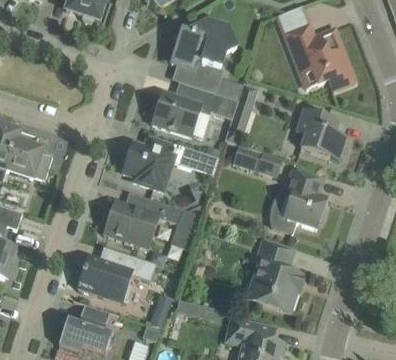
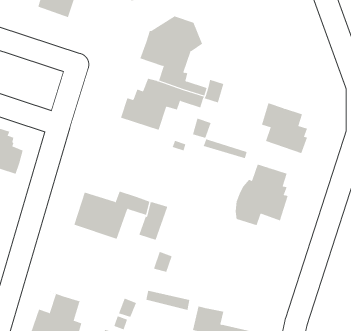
building: [285,23,355,89] -> none
building: [123,134,197,190] -> none
building: [248,240,301,311] -> none
building: [77,246,156,303] -> none

